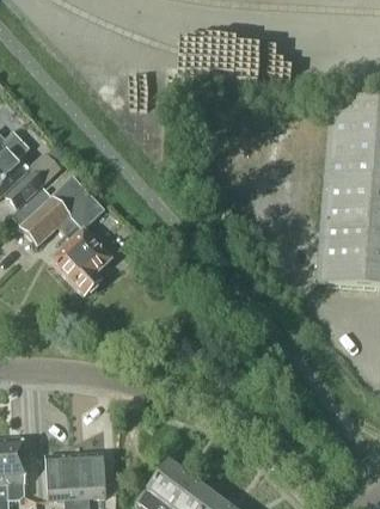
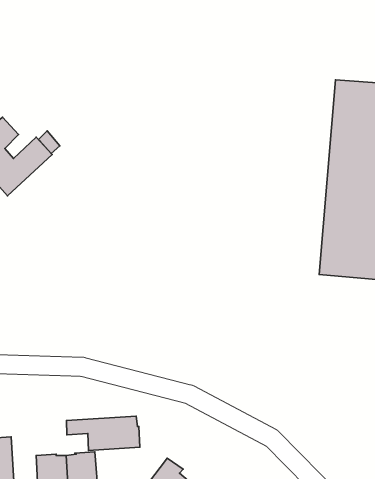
building: [18,174,110,294] -> none
building: none -> [67,416,140,451]

